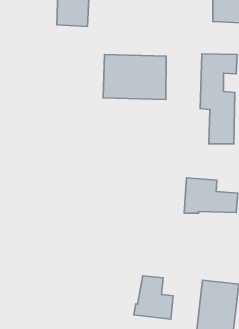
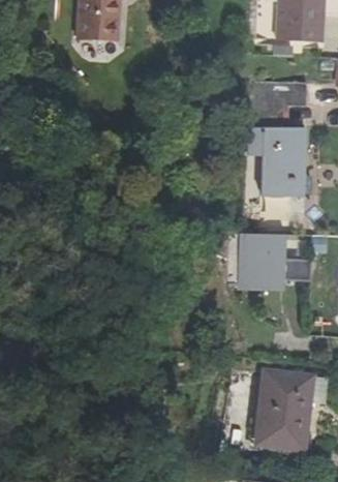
building: [103,55,166,100] -> none
building: [134,276,173,319] -> none

